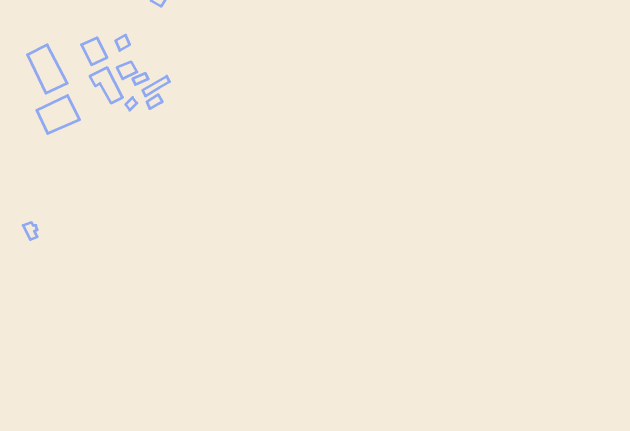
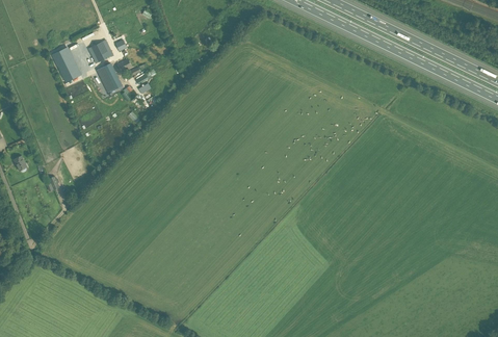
building: [37,95,80,134] -> none

